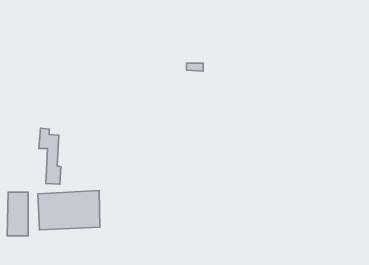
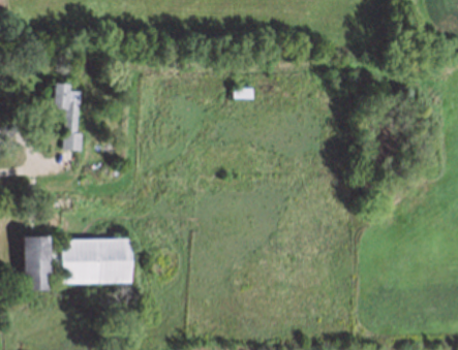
building: [39,128,61,184] -> [55,87,81,153]

